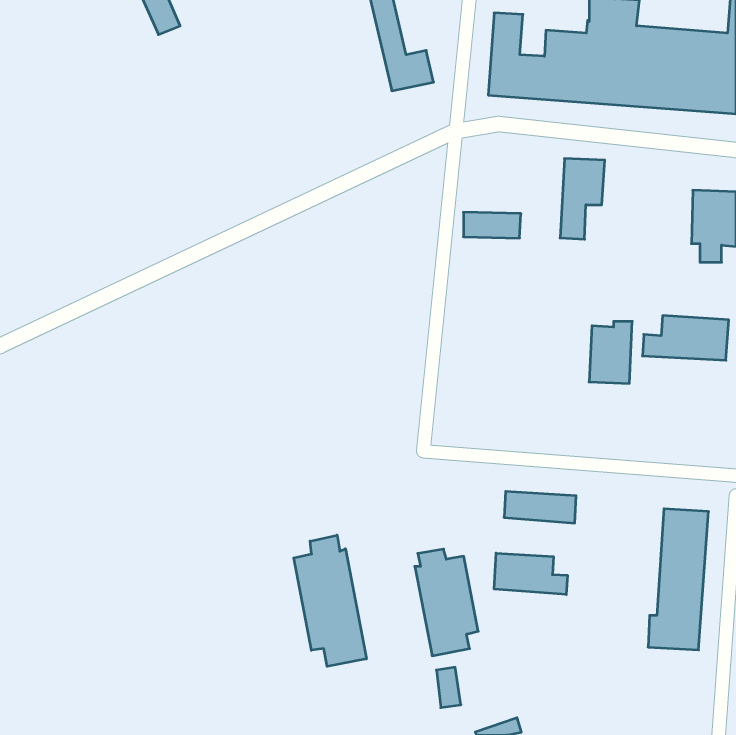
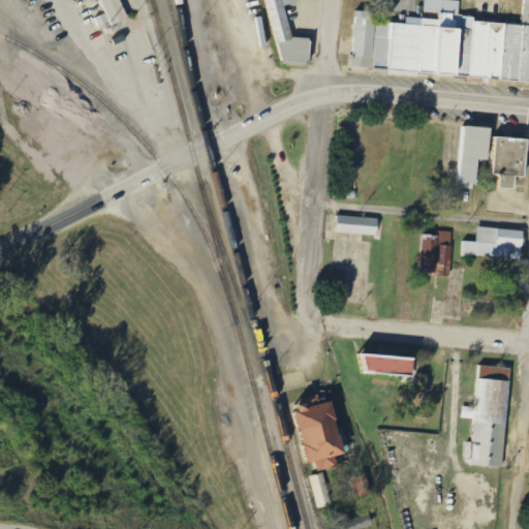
building: [560,159,605,239] -> [462,126,494,184]
building: [463,212,521,238] -> [339,216,380,235]
building: [294,535,366,666] -> none
building: [494,553,567,595] -> none

